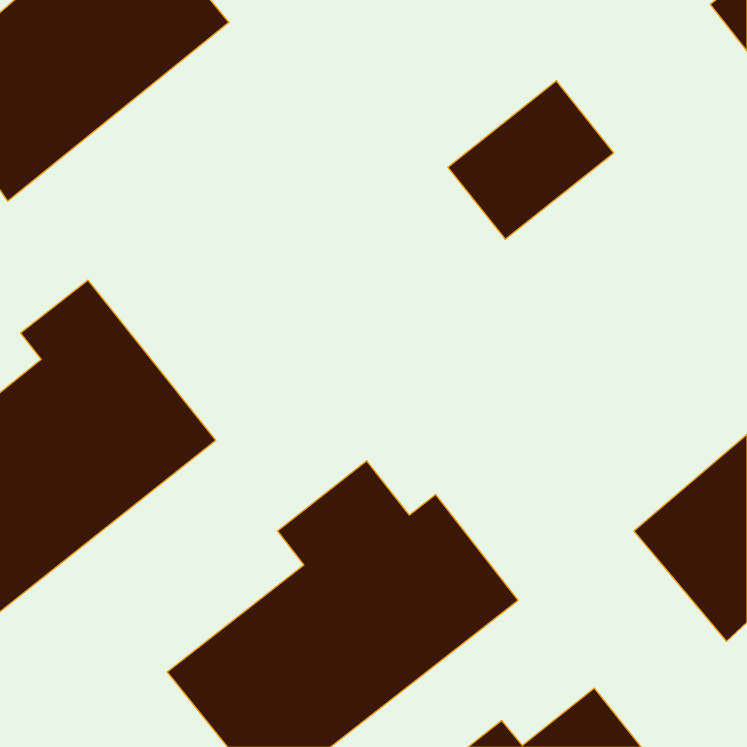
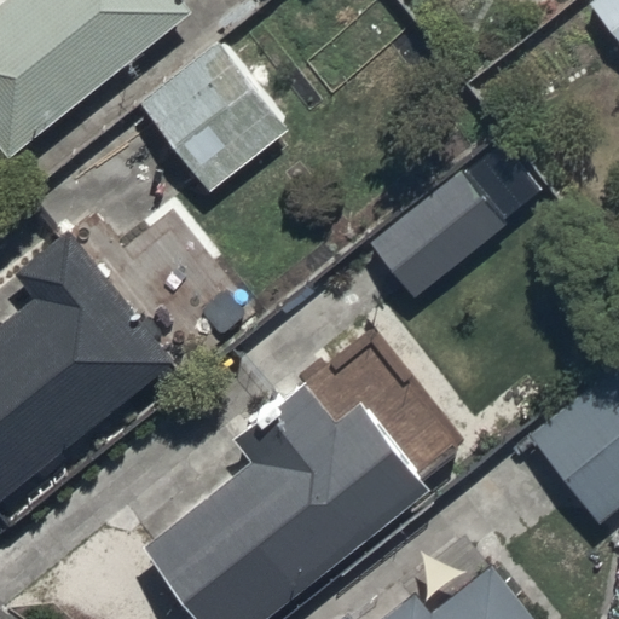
building: none -> [144,36,290,185]
building: [448,81,614,239] -> [375,168,511,299]

